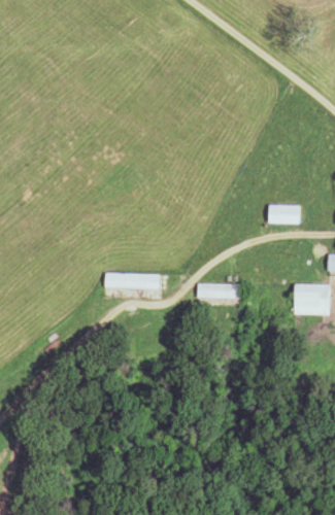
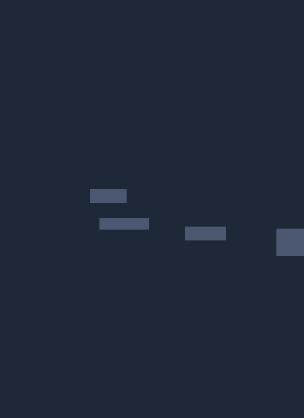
building: [268,207,300,224] -> none
building: none -> [89,188,127,204]

